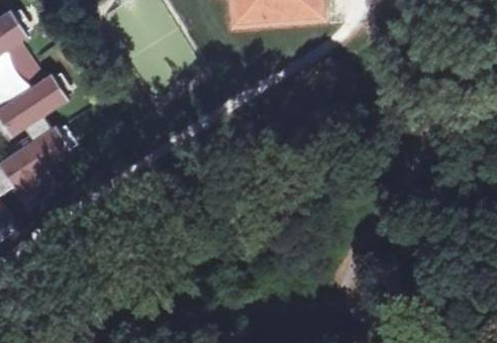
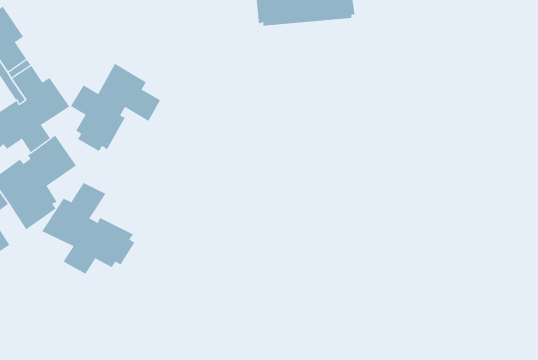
building: none -> [70,63,161,152]
building: none -> [41,182,135,275]

